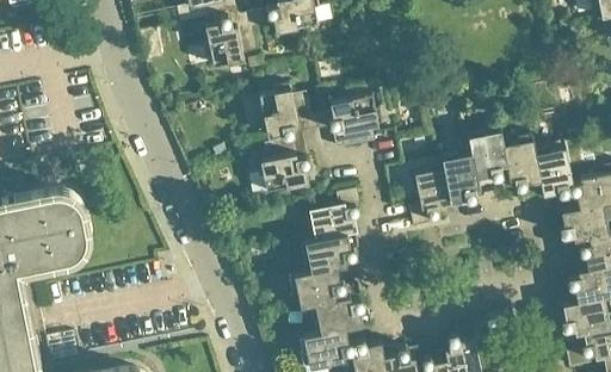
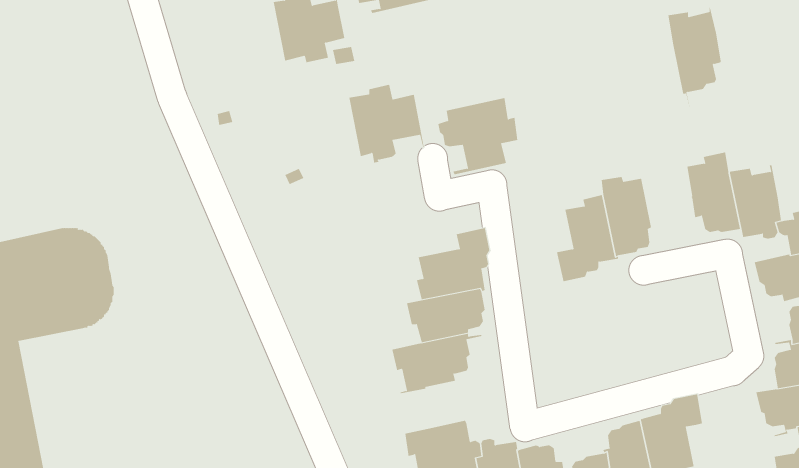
building: [467,126,506,199] -> [668,7,722,107]
building: [254,138,313,193] -> none
building: [311,298,369,335] -> none

